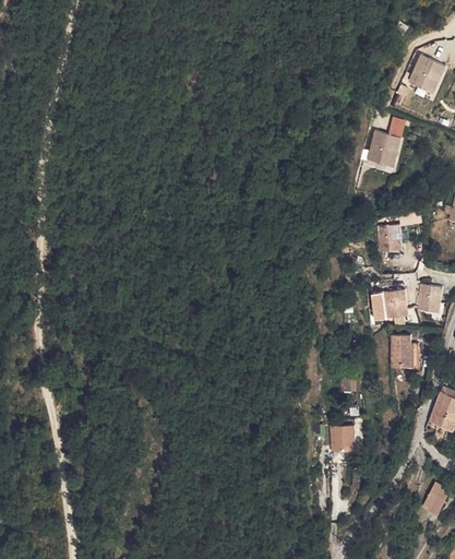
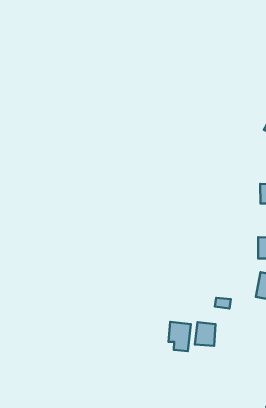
building: none -> [168,322,191,351]

